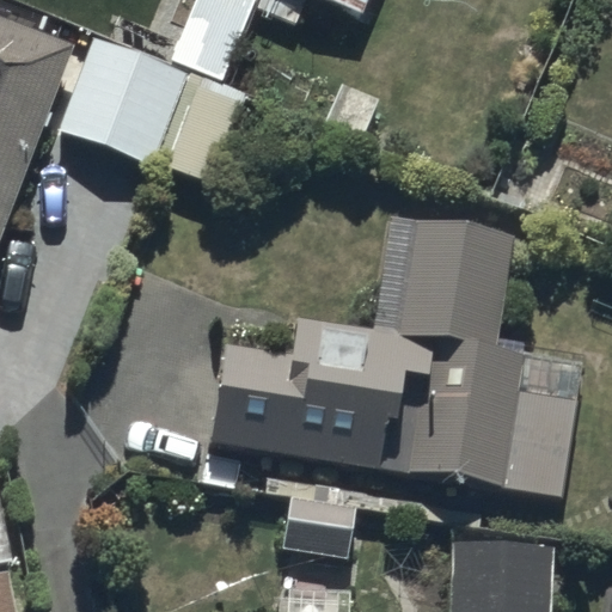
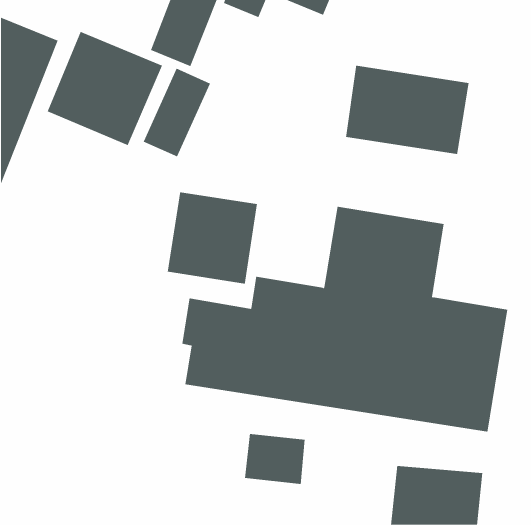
building: none -> [345,65,469,155]
building: none -> [167,192,257,285]

